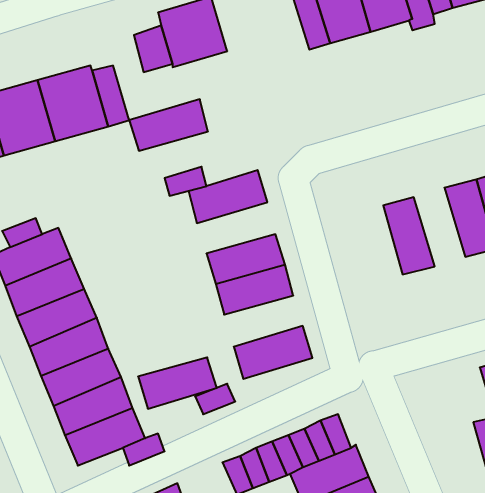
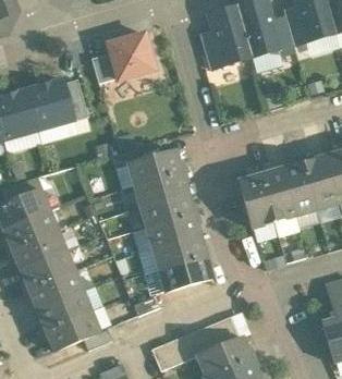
building: [129,99,208,151] -> [134,172,187,207]
building: none -> [281,162,316,216]
building: none -> [239,174,273,228]
building: [138,357,217,409] -> [152,235,206,270]

